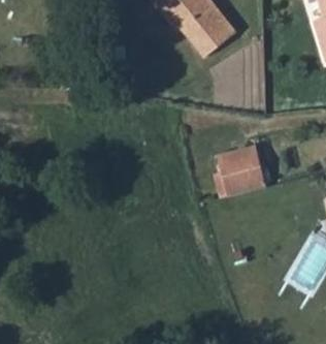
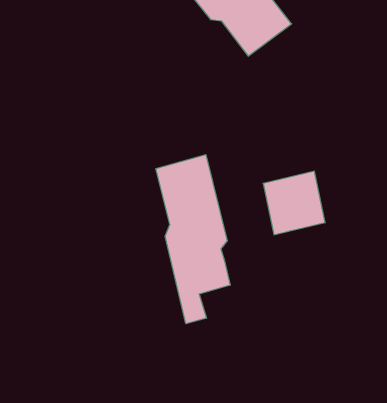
building: none -> [156,155,230,324]

